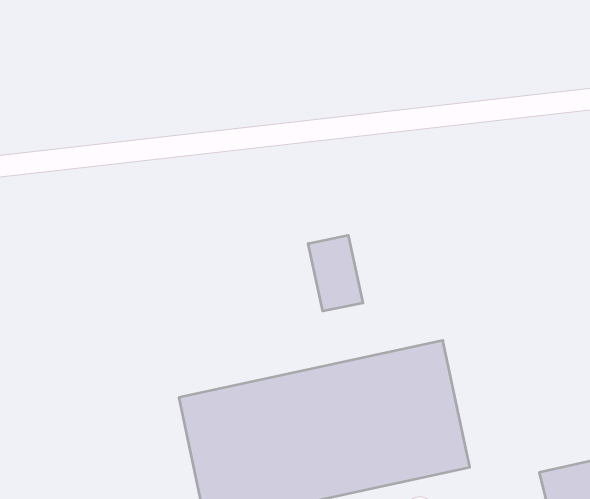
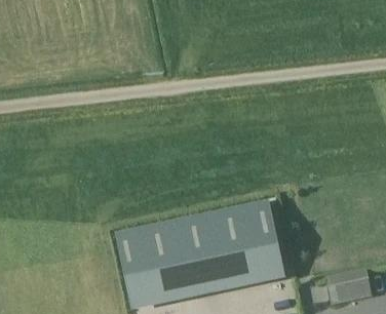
building: [308,235,363,311] -> none

